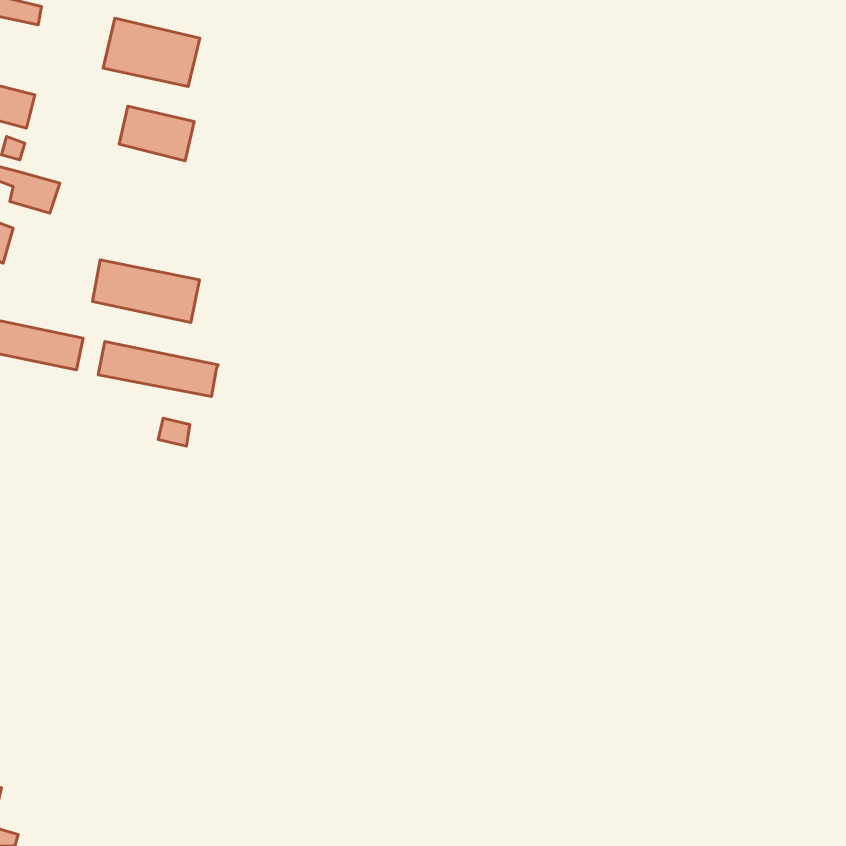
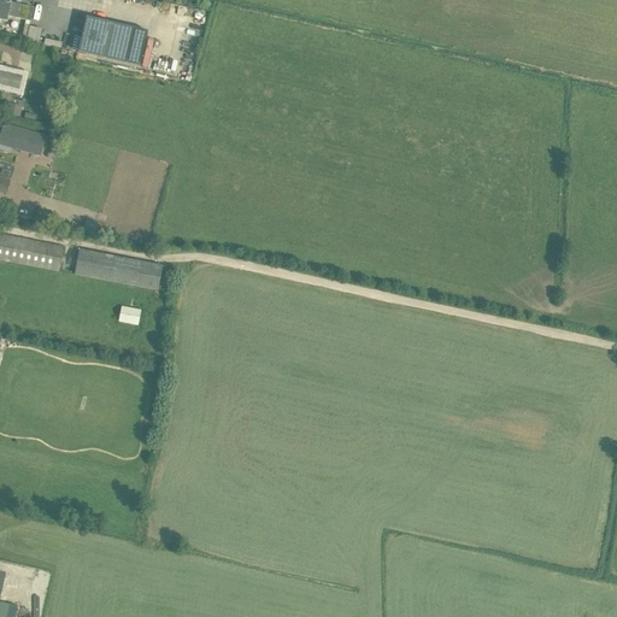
building: [119,106,194,161] -> none
building: [92,260,199,323] -> none

